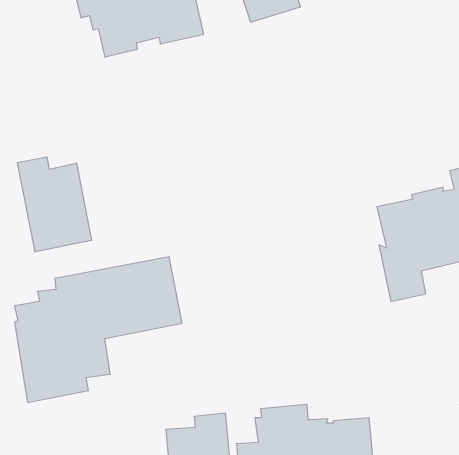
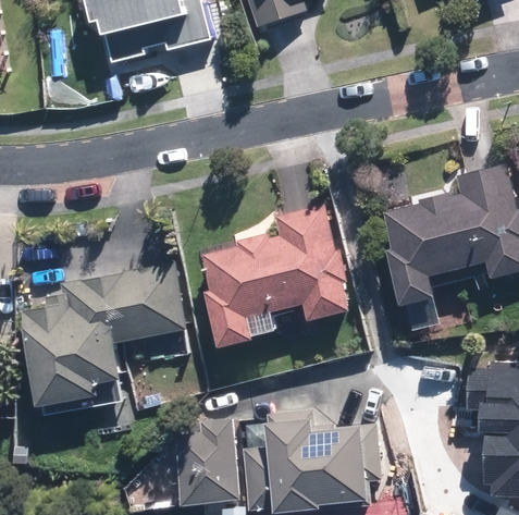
building: [18,157,92,252] -> none
building: none -> [201,205,347,348]

